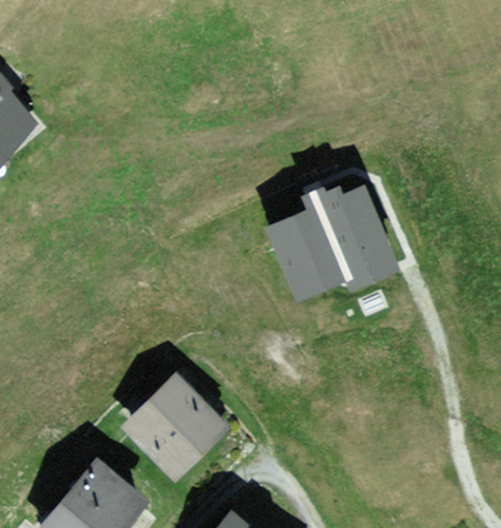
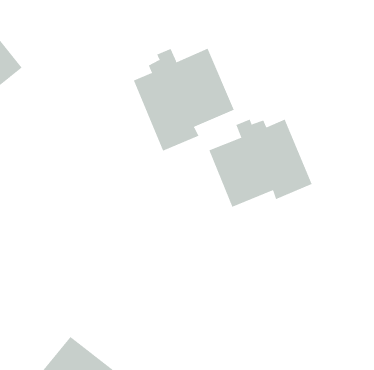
building: none -> [133,48,234,151]
building: [119,373,229,482] -> none

